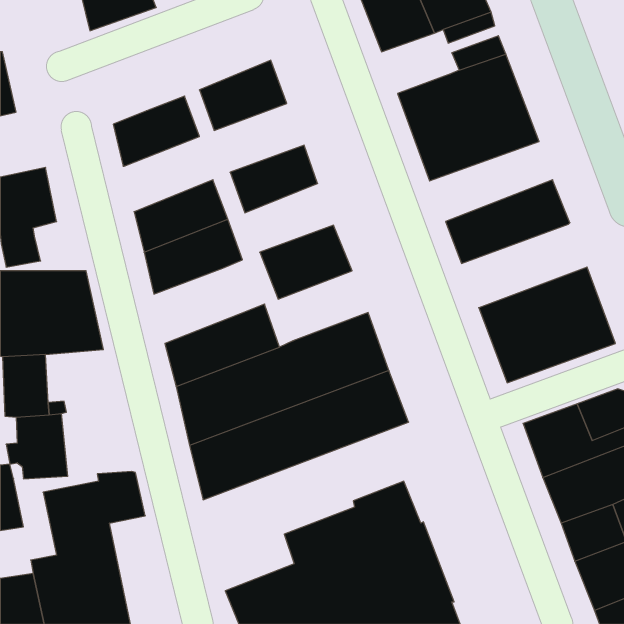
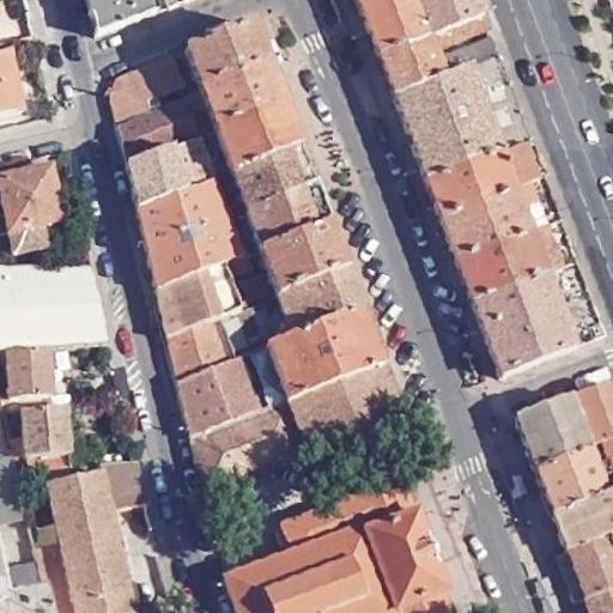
building: none -> [183,19,268,87]
building: none -> [376,32,443,91]
building: none -> [105,51,182,121]
building: none -> [213,101,301,168]
building: none -> [125,133,214,206]
building: none -> [423,138,542,216]
building: none -> [243,178,329,245]
building: none -> [454,217,576,299]
building: none -> [154,261,238,334]
building: none -> [275,263,363,332]

